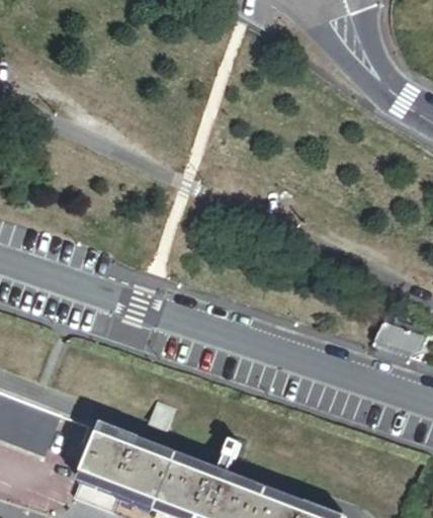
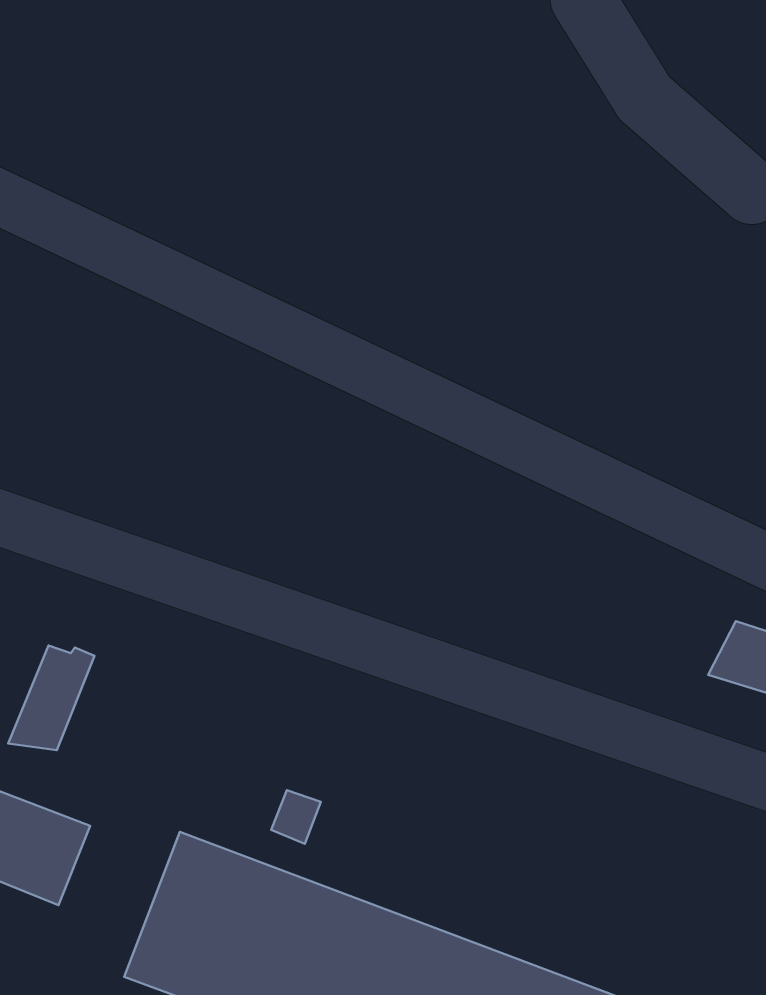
building: none -> [8,645,94,750]

